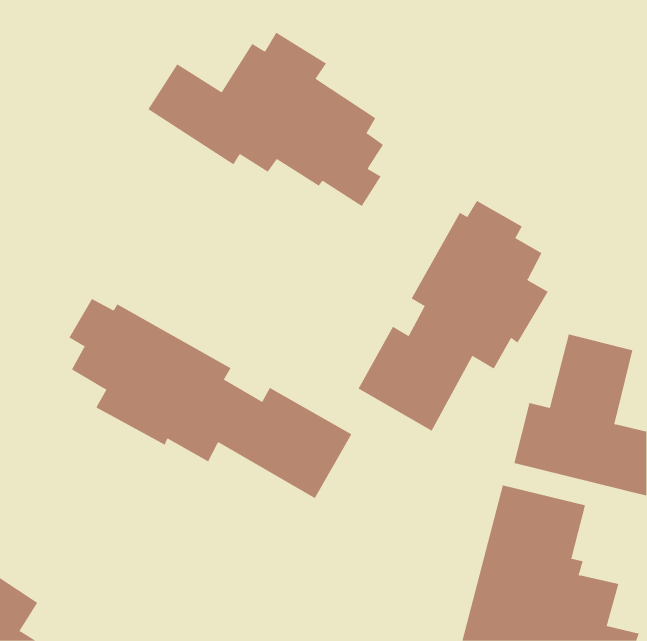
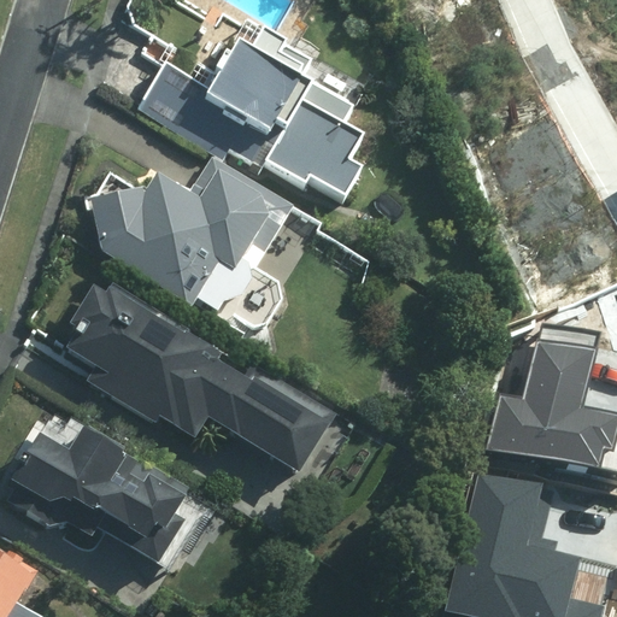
building: none -> [90,154,292,323]
building: [358,200,548,431] -> none
building: none -> [17,431,204,569]

